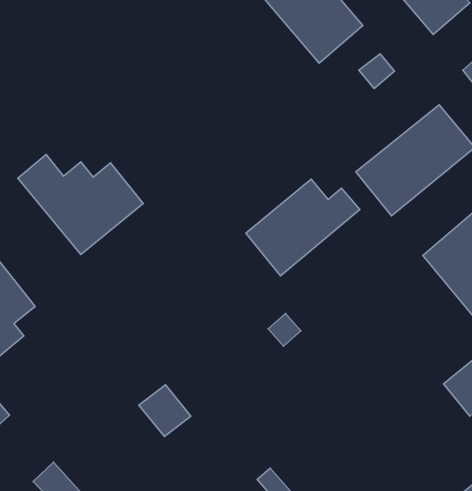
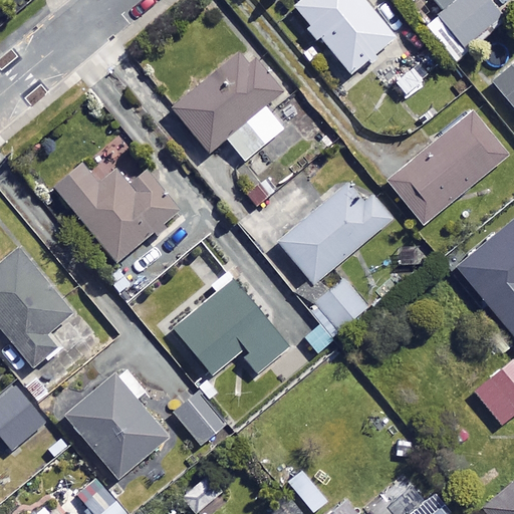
building: none -> [174,48,283,159]
building: none -> [176,280,286,374]
building: none -> [68,366,168,477]

